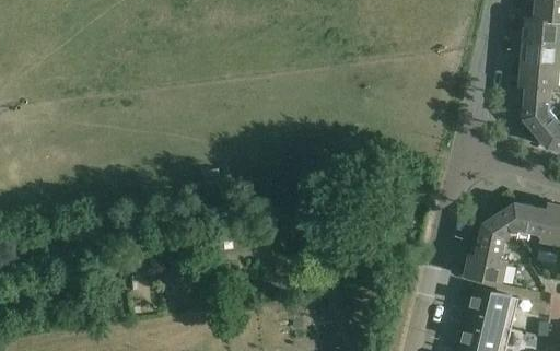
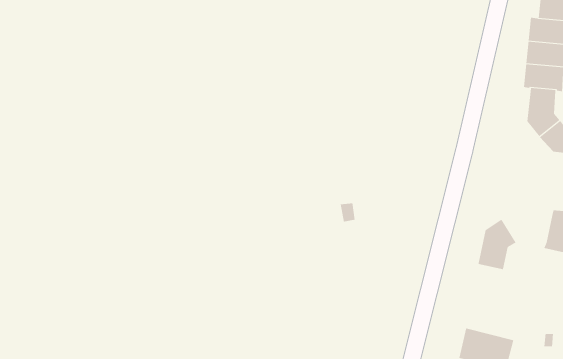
building: [499,202,547,235] -> none
building: [465,254,508,285] -> none
building: [464,286,518,329] -> none

